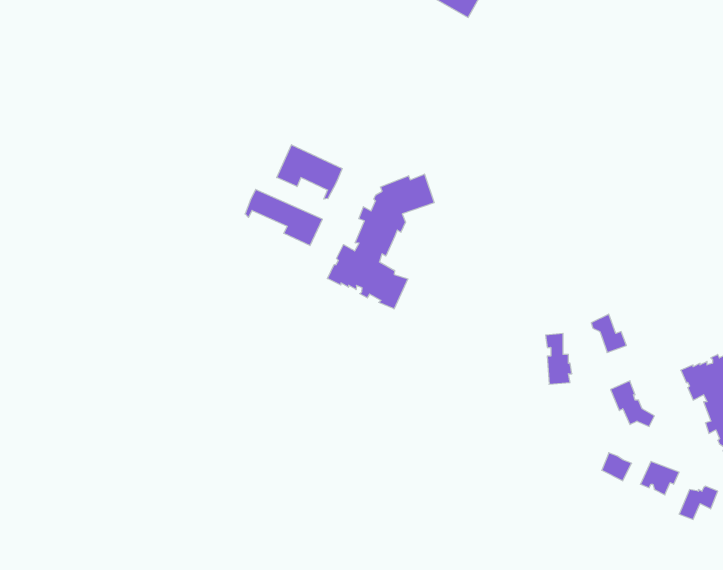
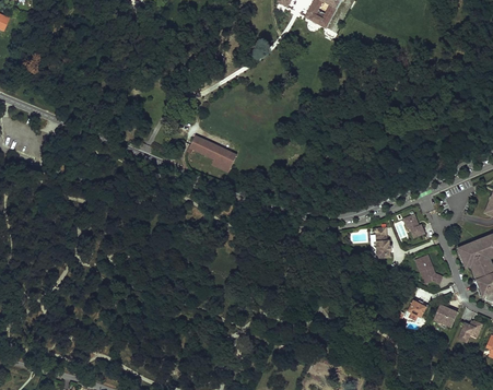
building: [277,145,342,199] -> none
building: [327,174,434,309] -> none

